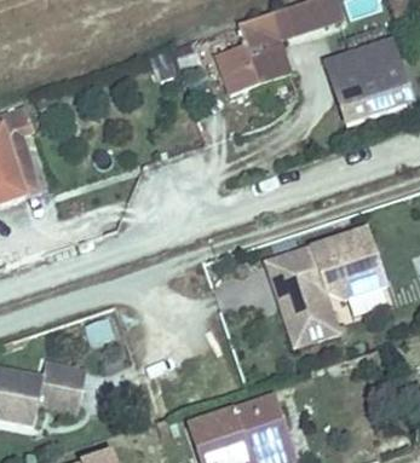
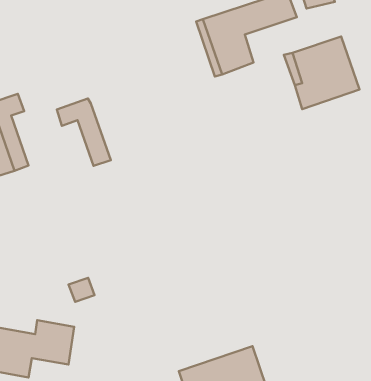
building: none -> [57,98,111,166]
building: [274,222,392,341] -> none

